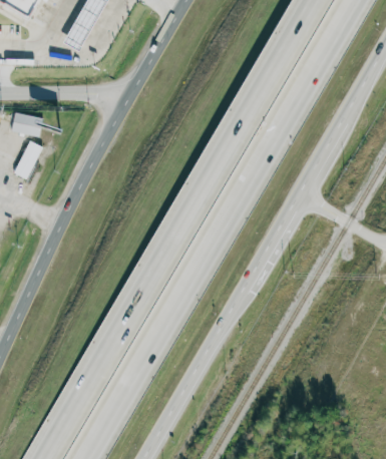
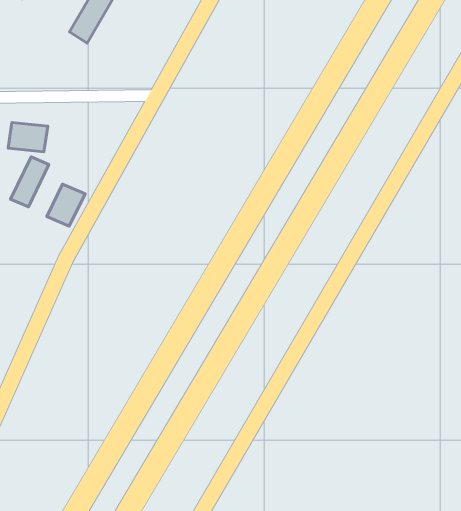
building: none -> [47,184,85,226]

